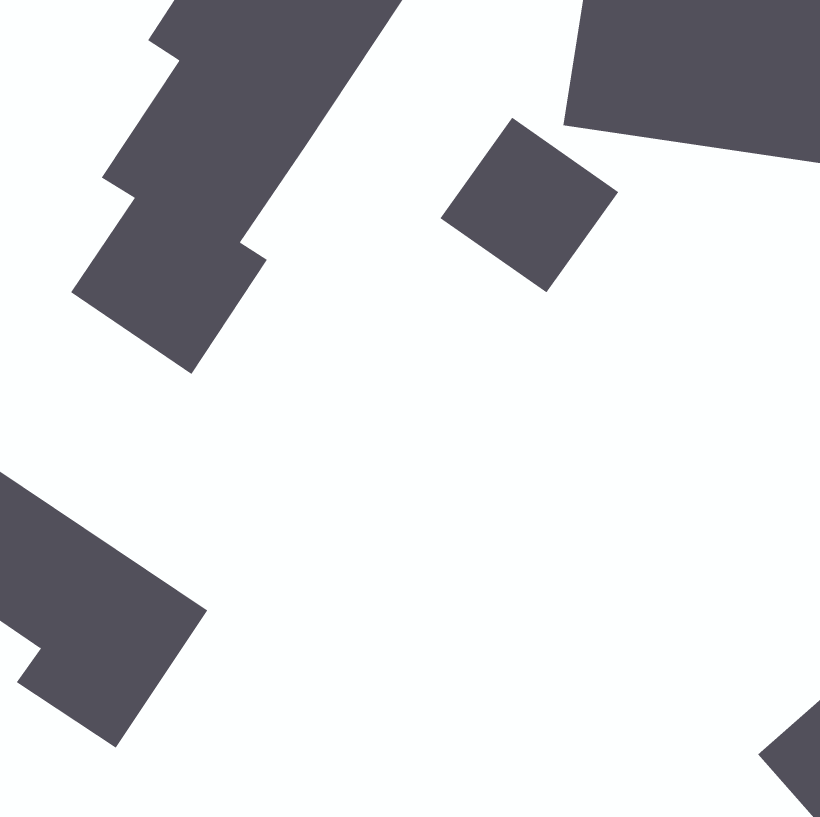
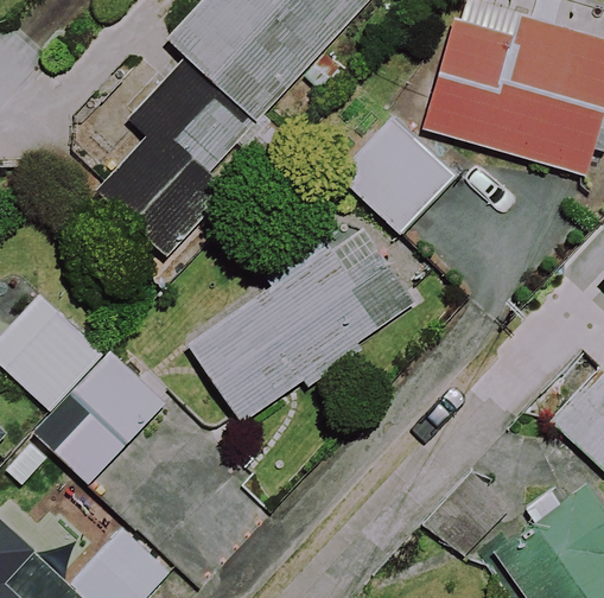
building: none -> [186,222,415,422]

